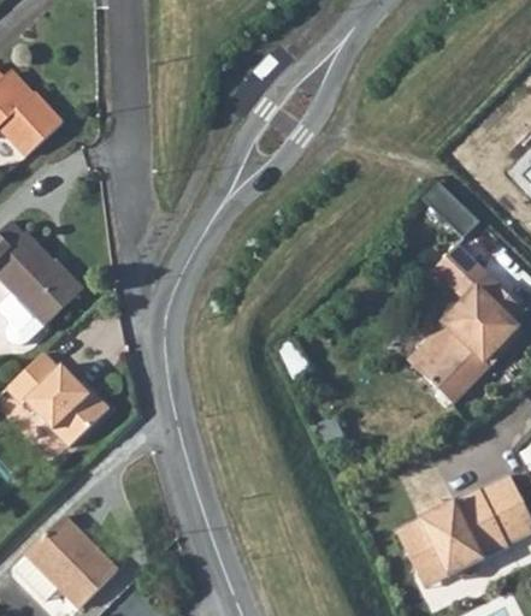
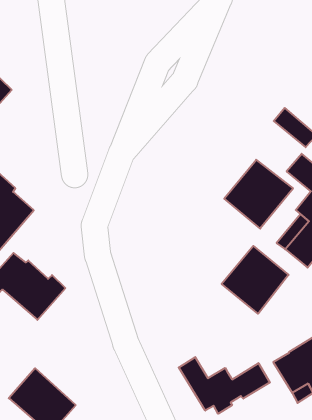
building: none -> [224,160,293,229]
building: none -> [222,246,289,314]
building: none -> [179,357,270,414]

